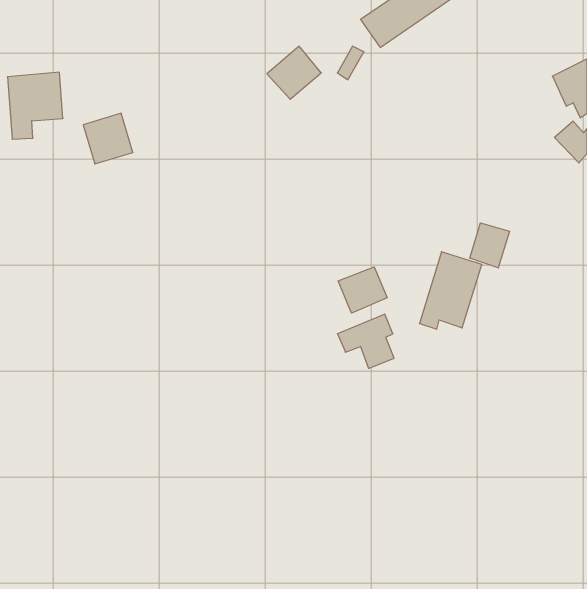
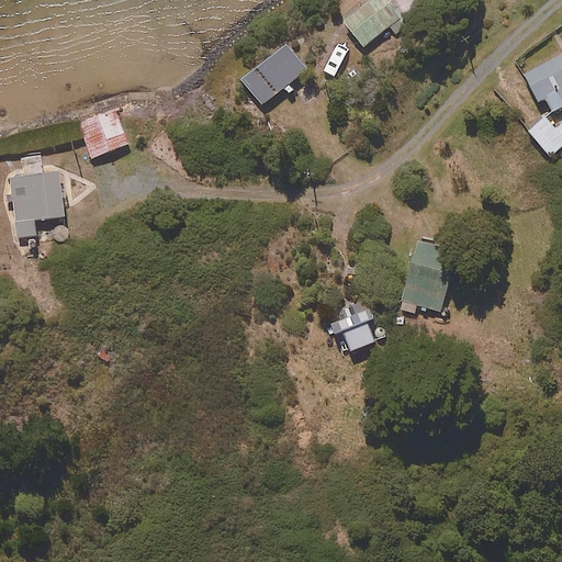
building: [7,72,63,139] -> [10,172,63,236]
building: [470,223,510,268] -> none
building: [338,267,387,313] -> none

